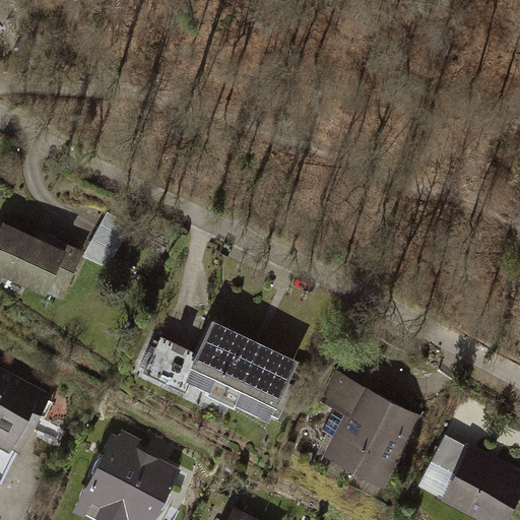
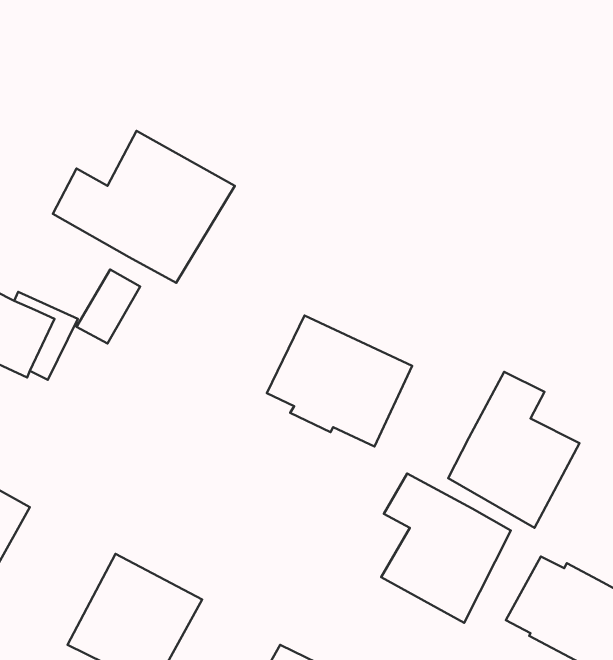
building: none -> [53,131,235,283]
building: none -> [448,372,580,528]
building: [183,320,297,422] -> [267,315,412,446]

